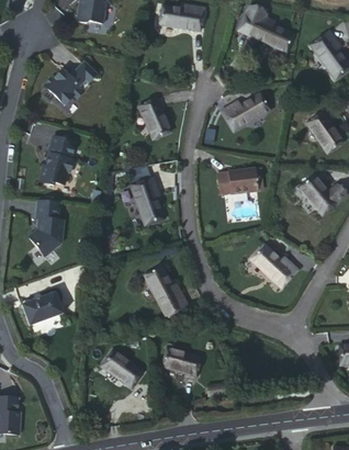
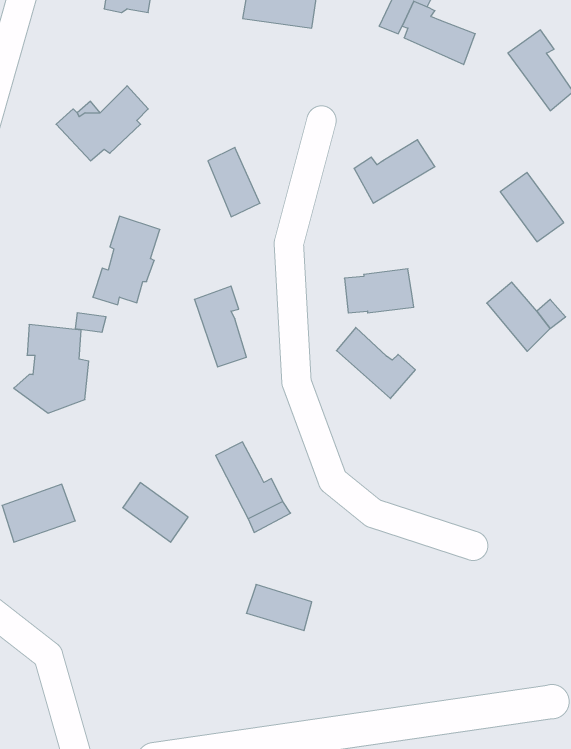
building: [38,136,77,187] -> [93,216,160,305]
building: [252,246,297,286] -> [336,327,415,399]
building: [103,351,140,385] -> [123,483,188,542]

